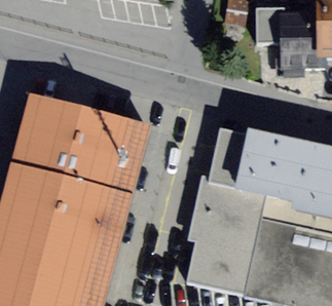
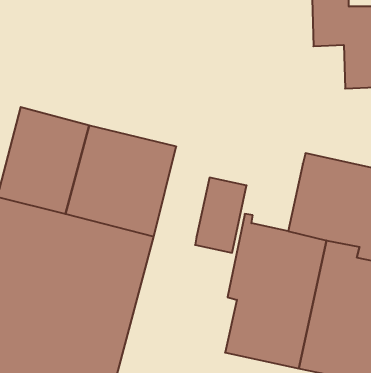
building: [209,128,249,187] -> [195,178,247,253]

